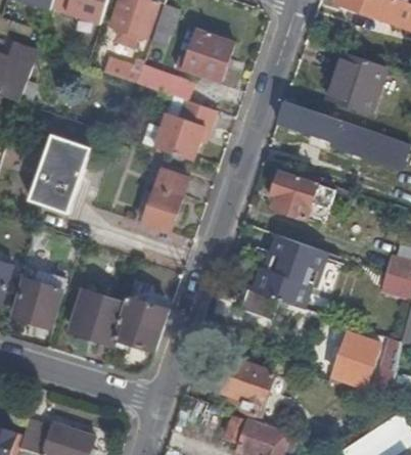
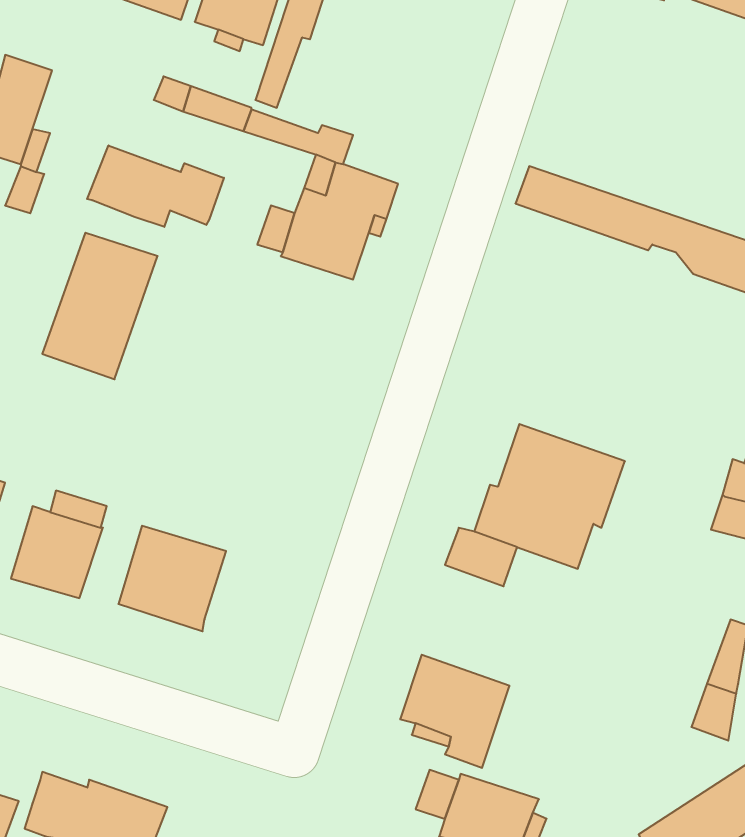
building: [183,30,232,82] -> none
building: [328,53,385,115] -> none
building: none -> [87,145,224,227]
building: [142,170,188,233] -> none
building: [271,172,334,219] -> none
building: [115,297,168,351] -> none
building: [332,333,380,390] -> none

